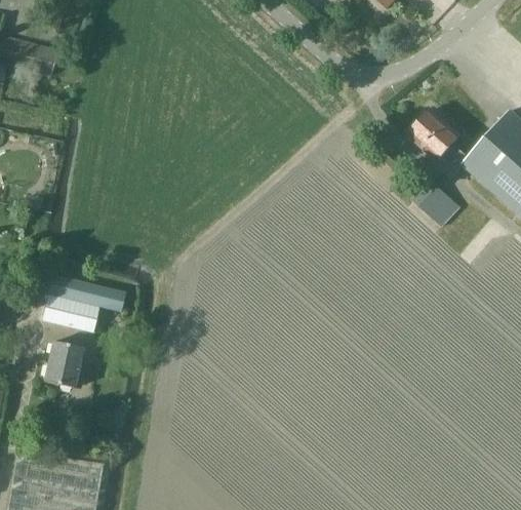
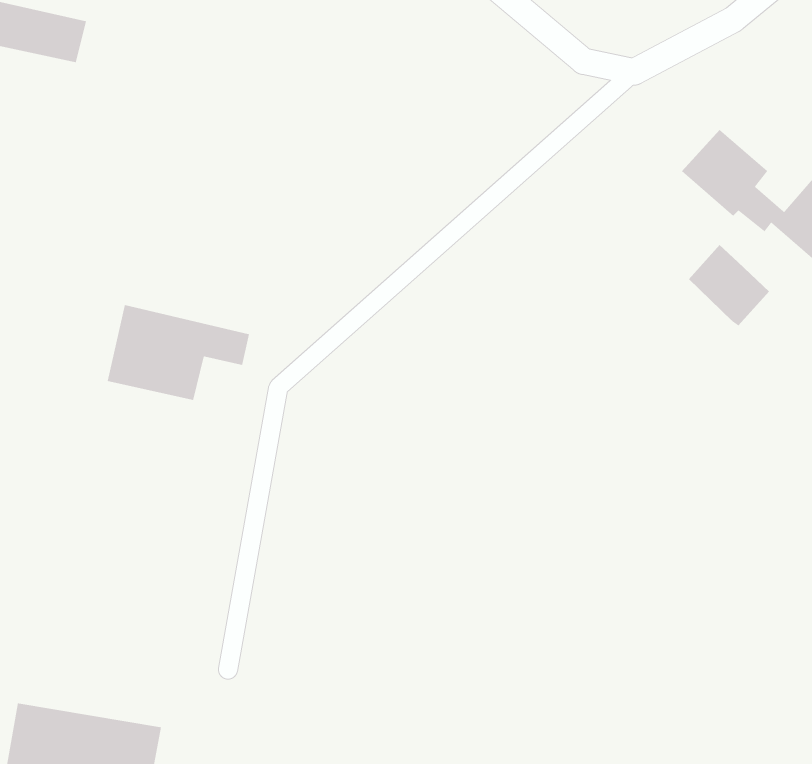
building: [40,276,124,332] -> [107,305,250,400]
building: [41,342,80,389] -> none

